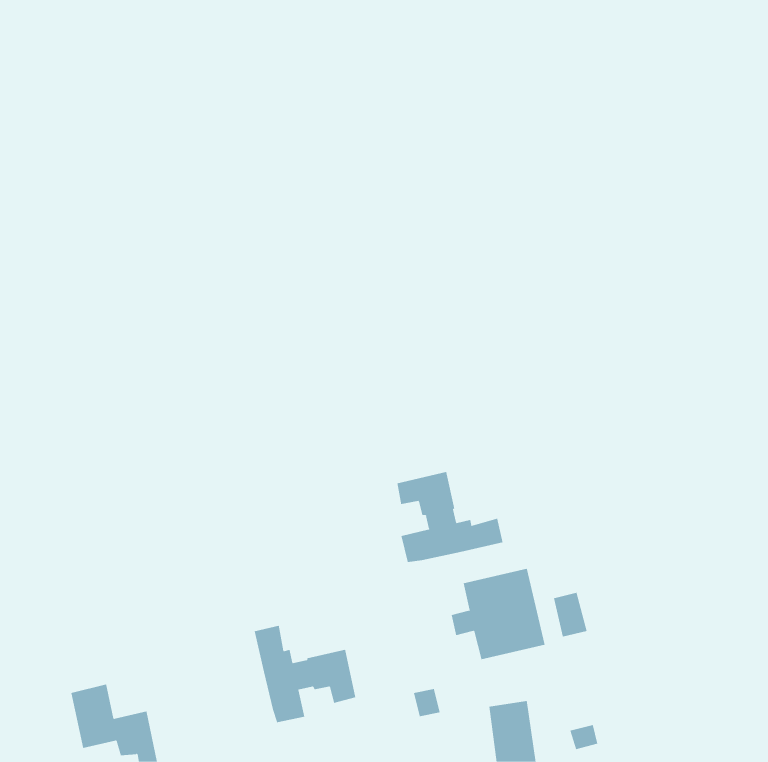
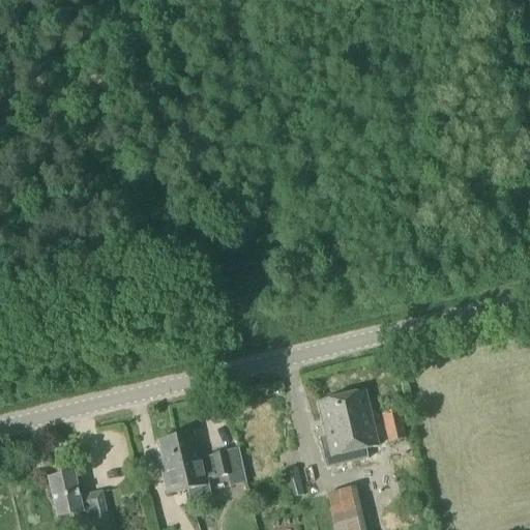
building: [397,471,503,563] -> none
building: none -> [157,435,187,493]

